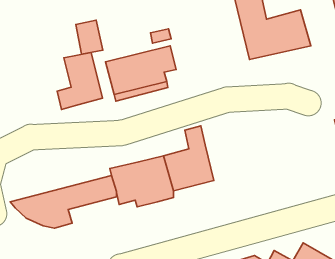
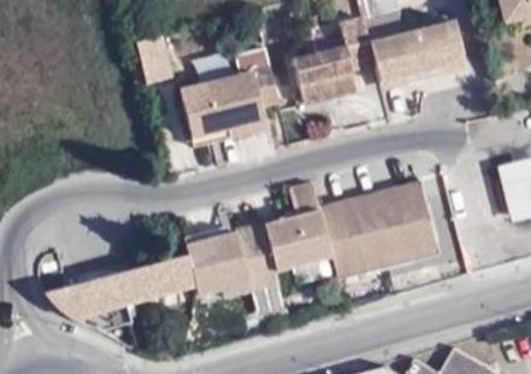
building: none -> [289,16,371,103]
building: [57,52,102,110] -> none
building: none -> [317,182,433,279]

